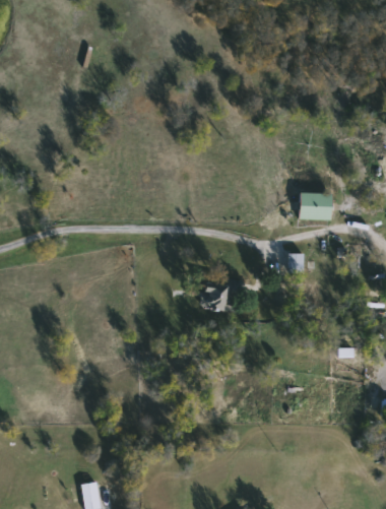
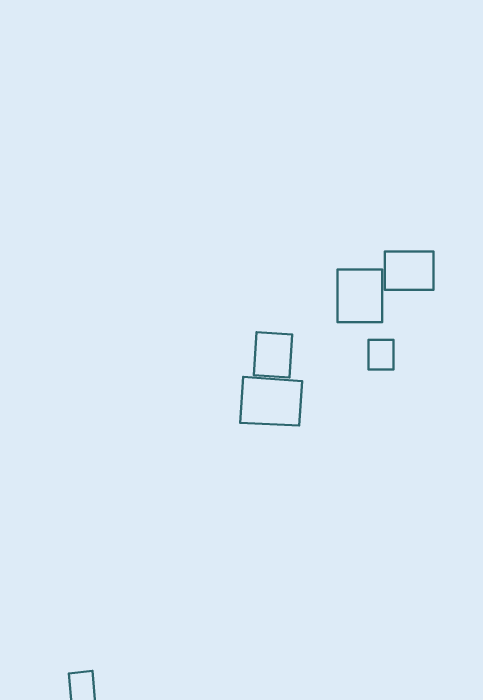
building: none -> [337,269,382,322]
building: none -> [254,332,292,378]

